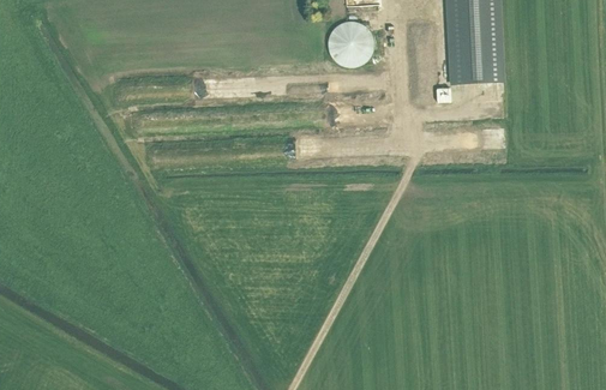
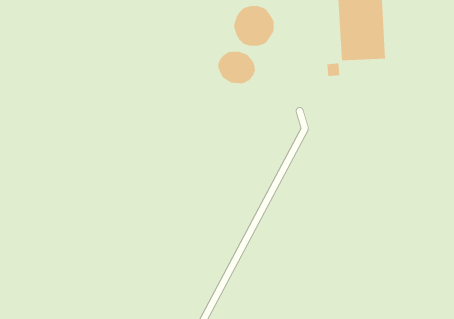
building: none -> [218,51,256,84]

